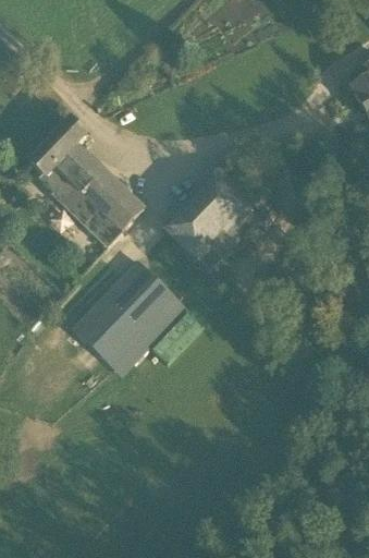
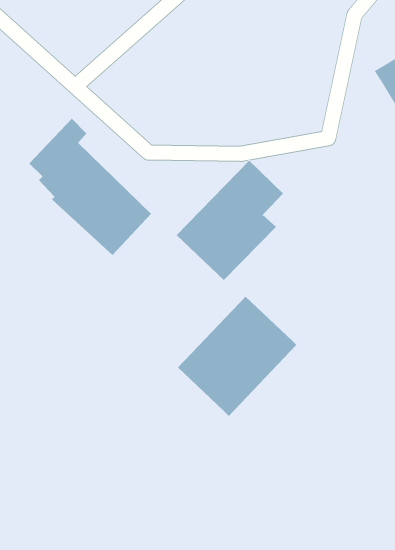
building: [74,264,183,374] -> [177,296,297,417]

